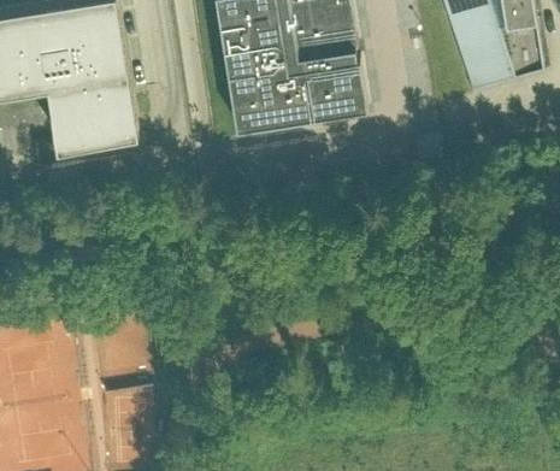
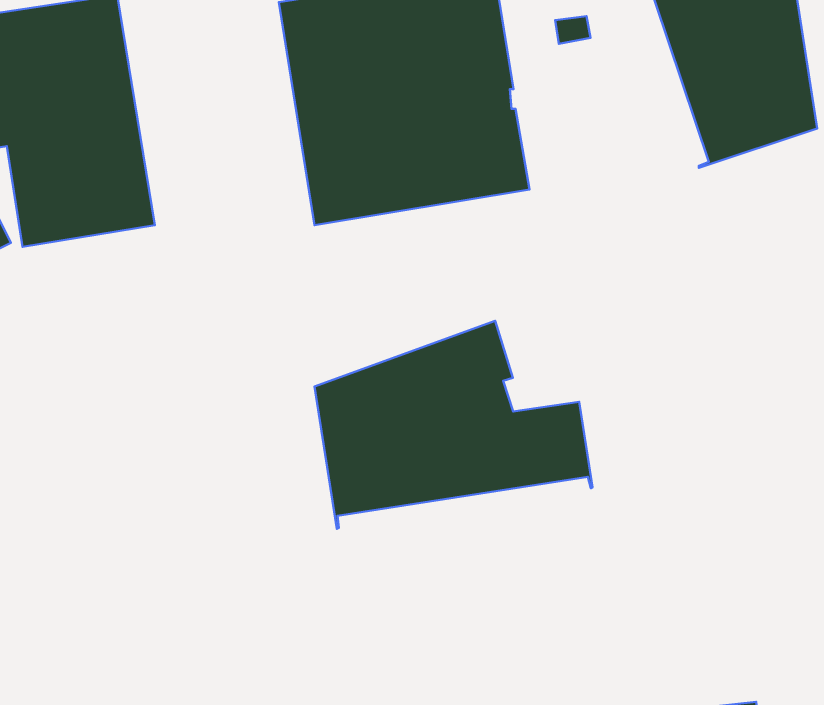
building: none -> [314,321,593,529]

